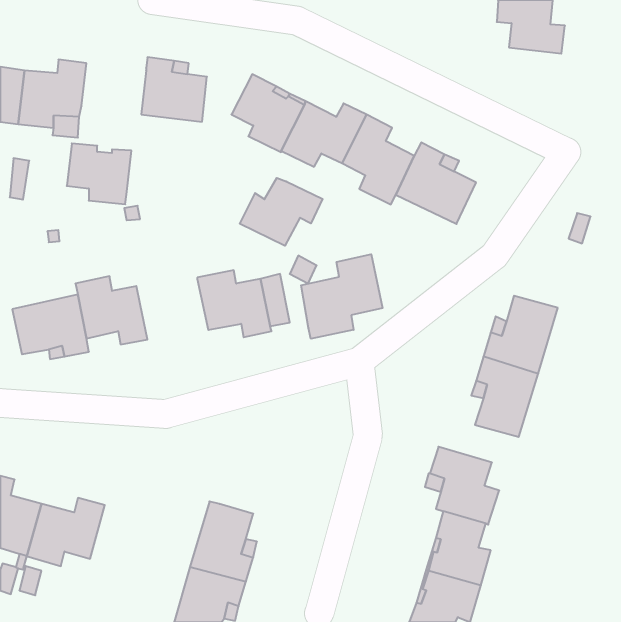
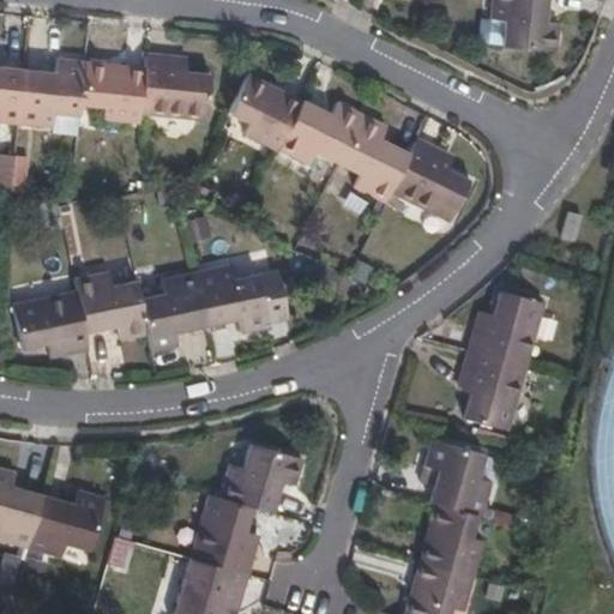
building: [67,143,131,204] -> [82,62,145,122]
building: [240,178,323,246] -> none
building: [301,254,383,339] -> none
building: none -> [139,273,206,351]
building: none -> [217,441,300,512]

